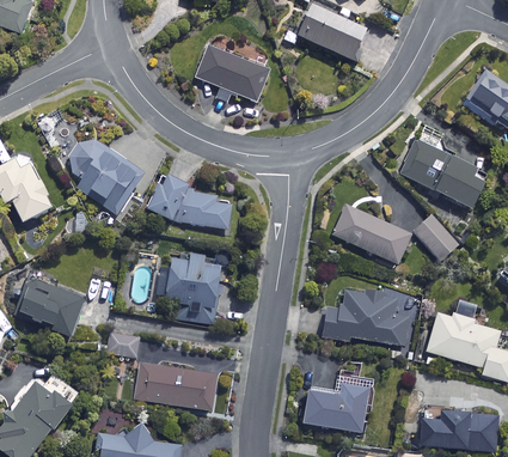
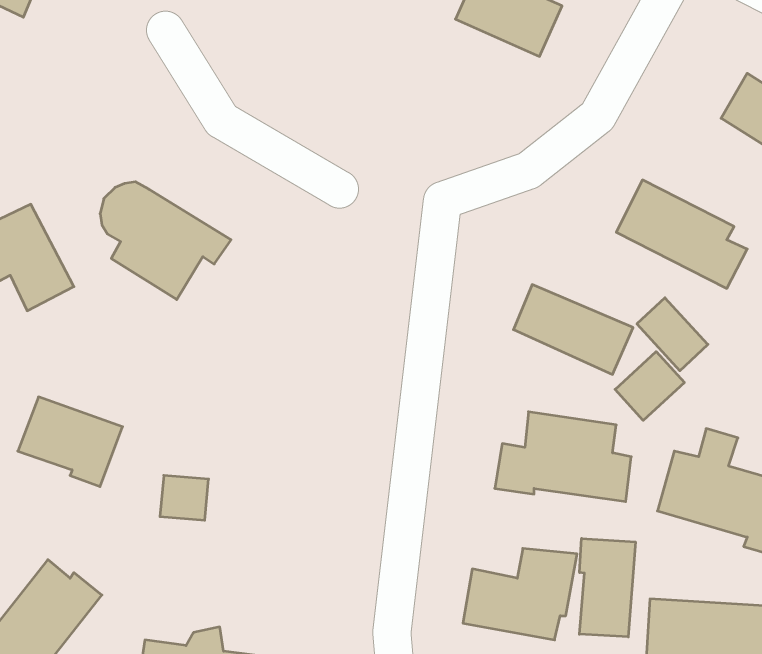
building: [197,45,269,100] -> none
building: [146,172,234,229] -> none
building: none -> [615,352,684,420]
building: [165,254,221,323] -> none
building: [136,362,218,409] -> none
building: none -> [579,538,635,637]

